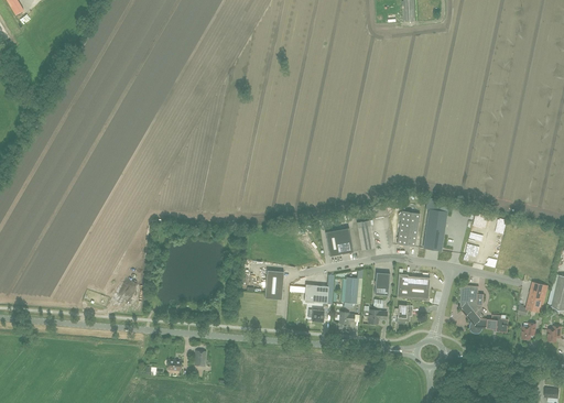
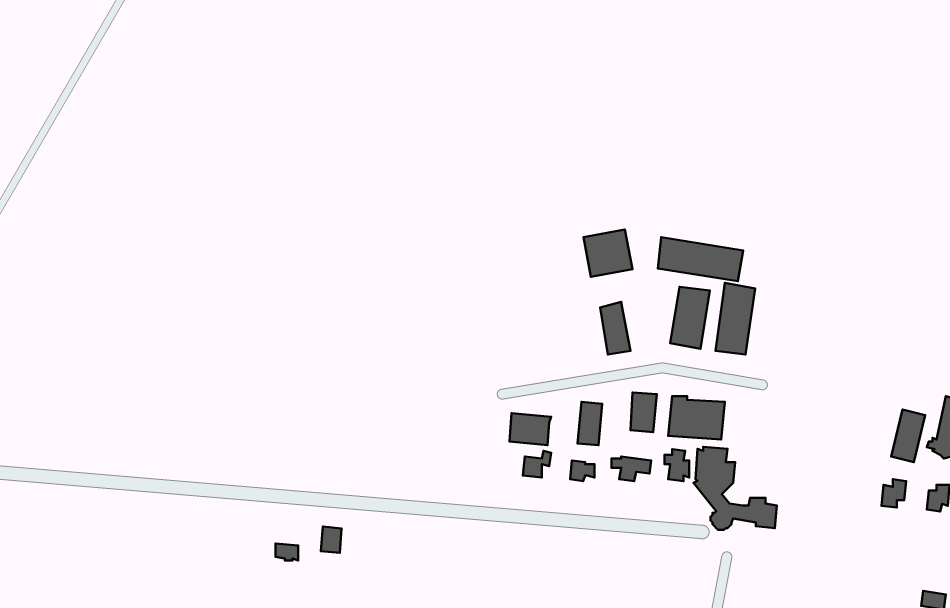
building: none -> [658,237,743,281]
building: [325,228,354,255] -> [583,230,633,277]
building: [264,270,284,299] -> none
building: [459,285,508,334] -> [694,447,777,530]

